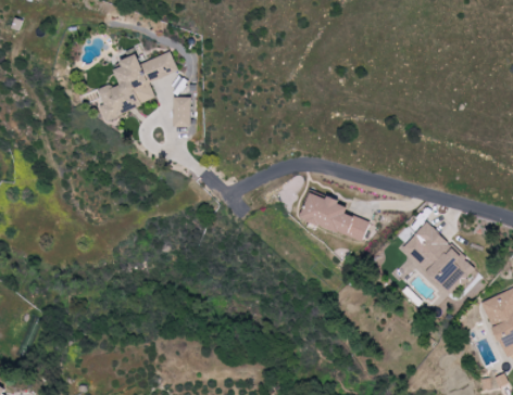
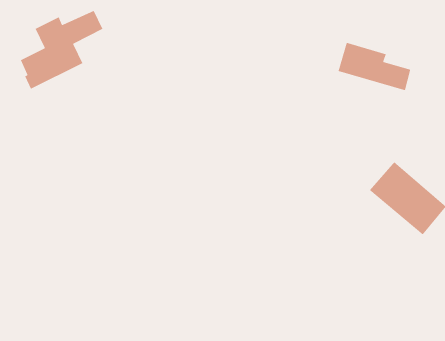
building: [172,98,190,128] -> none
building: [301,190,368,241] -> [338,42,411,91]

